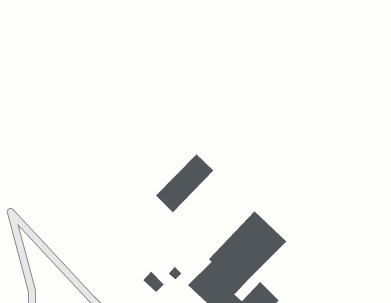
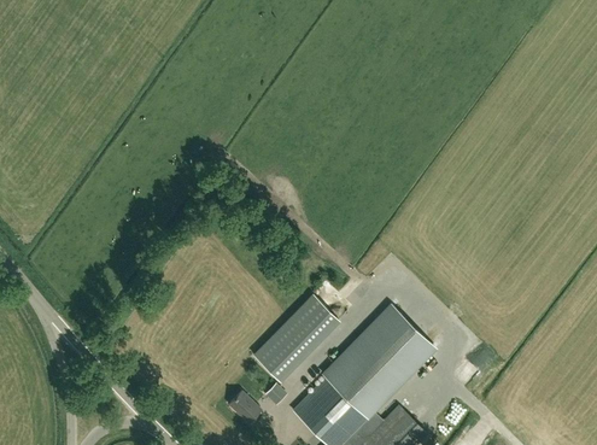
building: [155,154,214,213] -> [253,294,338,380]

